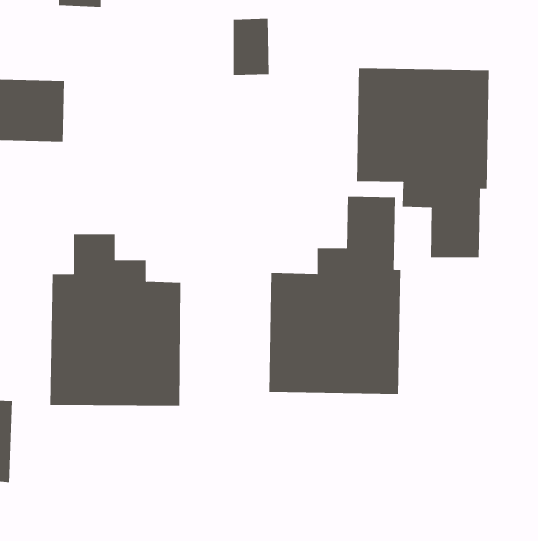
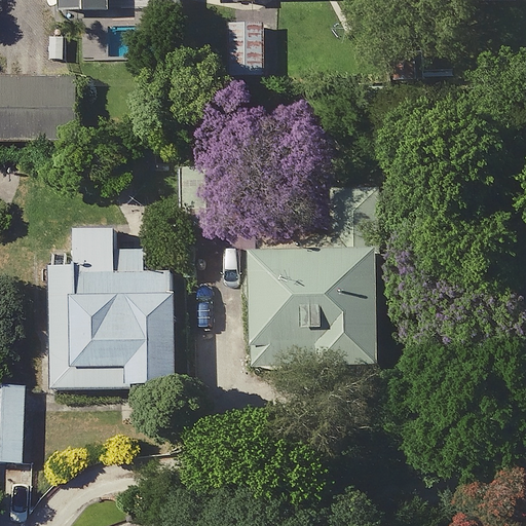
building: [356,68,489,258] -> none

